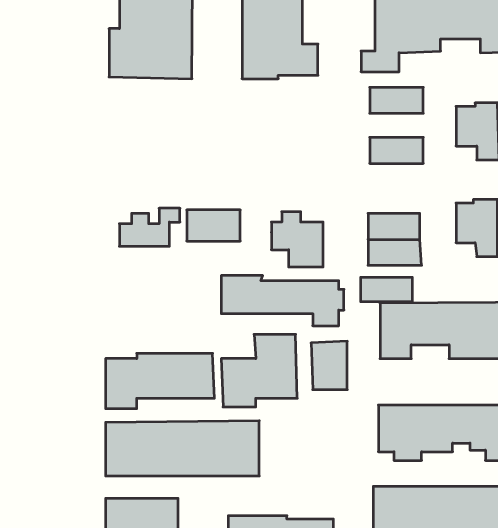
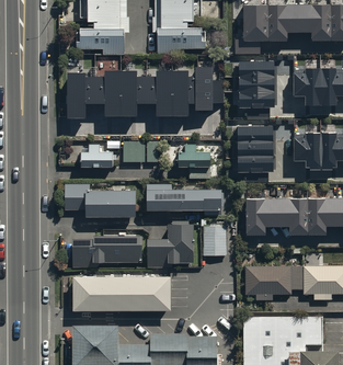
building: none -> [69,67,226,126]
building: none -> [240,79,274,94]
building: none -> [65,182,135,213]
building: [361,277,412,302] -> [239,127,272,142]

